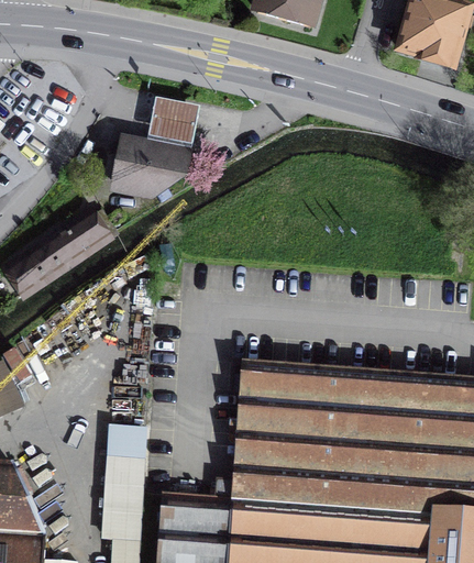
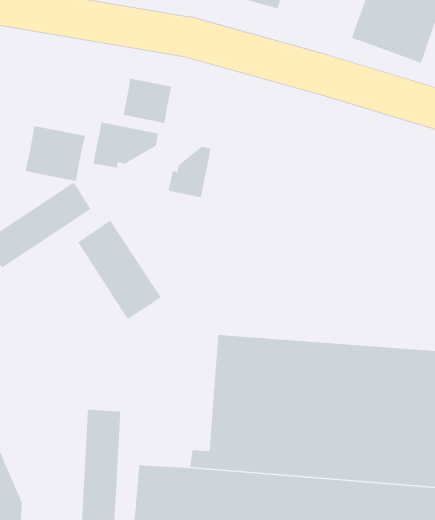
building: none -> [24,125,86,182]
building: none -> [168,146,211,198]
building: none -> [77,219,162,320]

